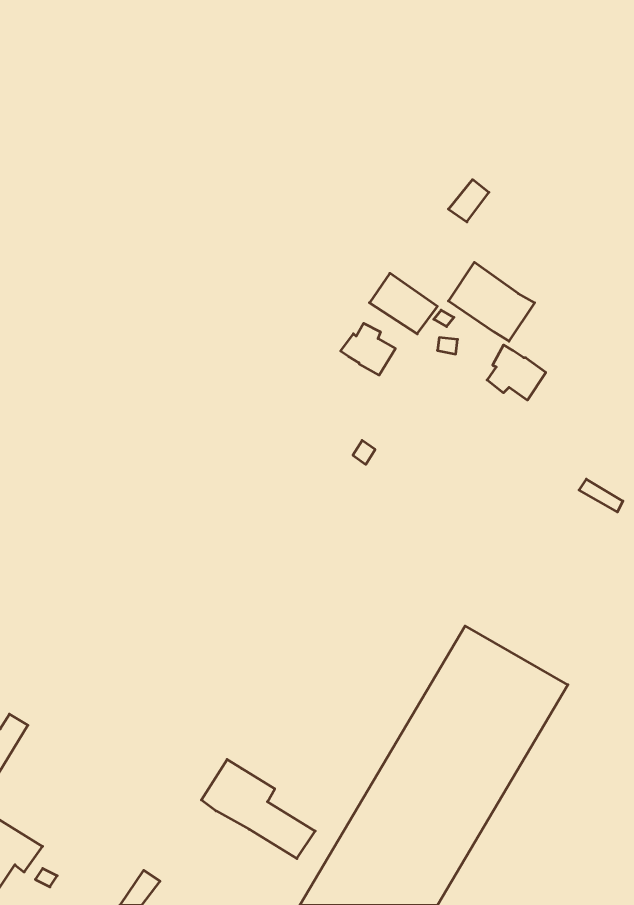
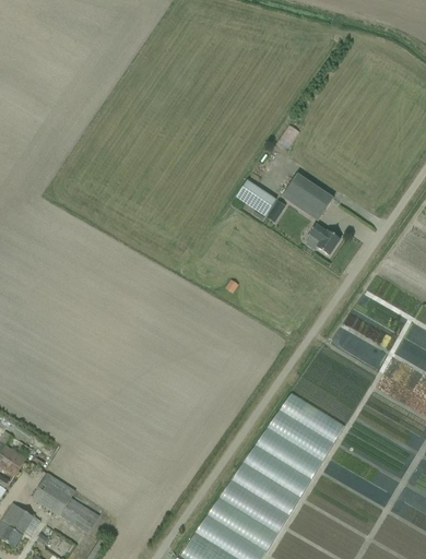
building: [341,323,395,375] -> none
building: [201,759,315,859] -> [28,472,96,531]

